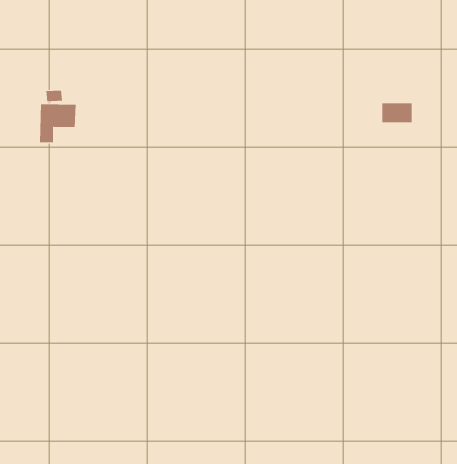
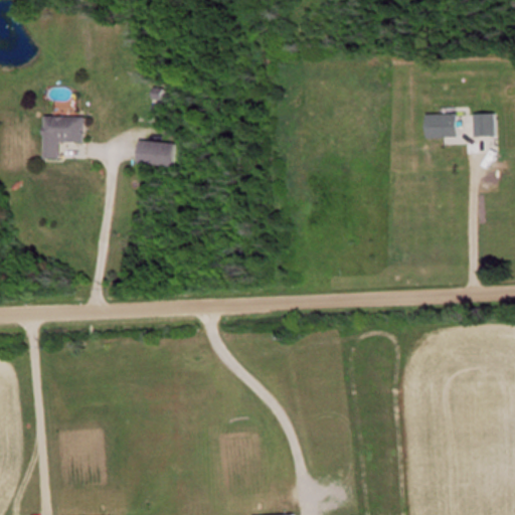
building: none -> [472,114,494,136]
building: none -> [135,142,171,166]

